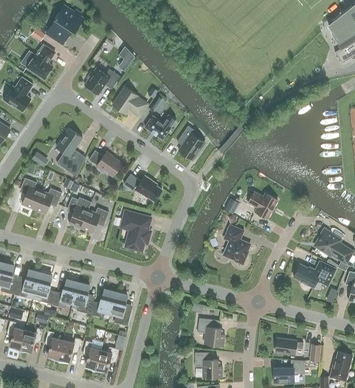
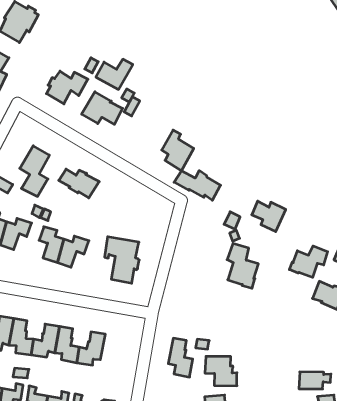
building: [144,114,176,139] -> [96,59,133,89]
building: [123,174,162,201] -> [174,171,221,200]
building: none -> [289,246,328,277]
building: [110,292,131,326] -> [168,338,193,377]

